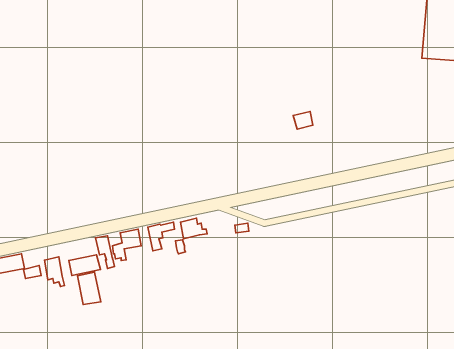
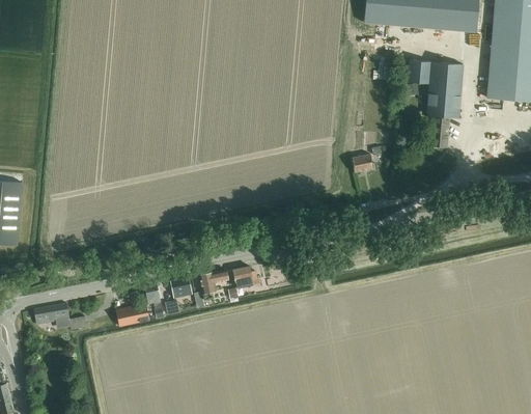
building: none -> [404,59,463,147]
building: [44,257,65,286] -> none
building: [78,272,101,305] -> none

